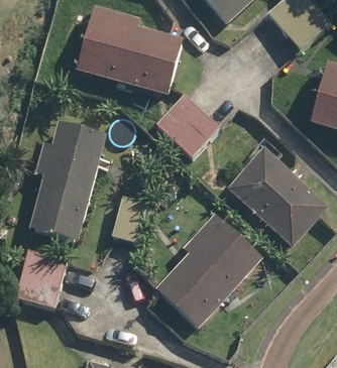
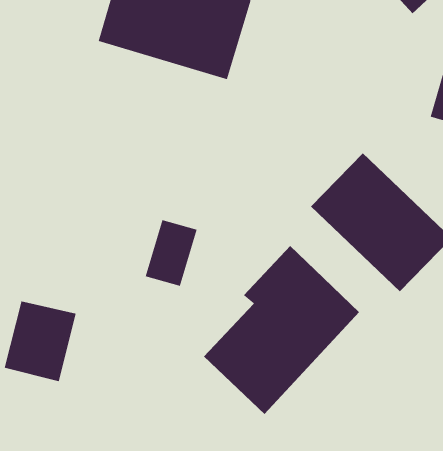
building: [155,94,220,157] -> none
building: [29,119,107,240] -> none

